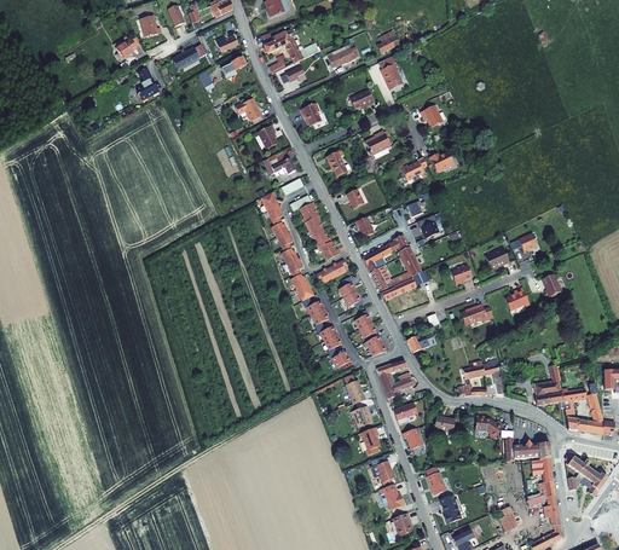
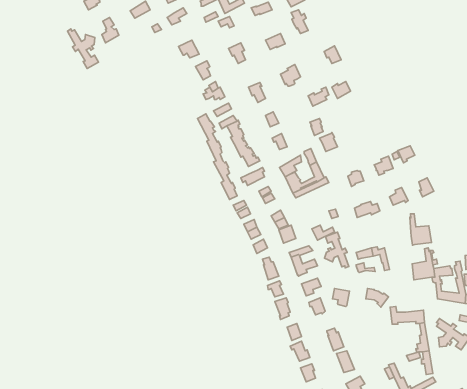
building: none -> [67,29,99,69]
building: none -> [410,214,431,245]
building: none -> [324,232,349,268]

